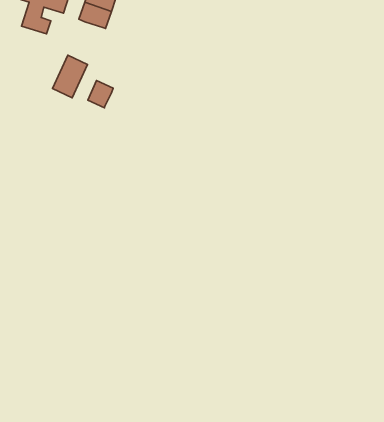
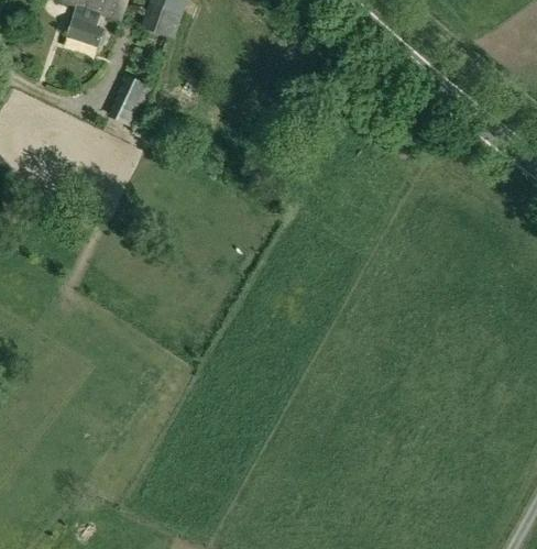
building: [88,81,113,108] -> none

